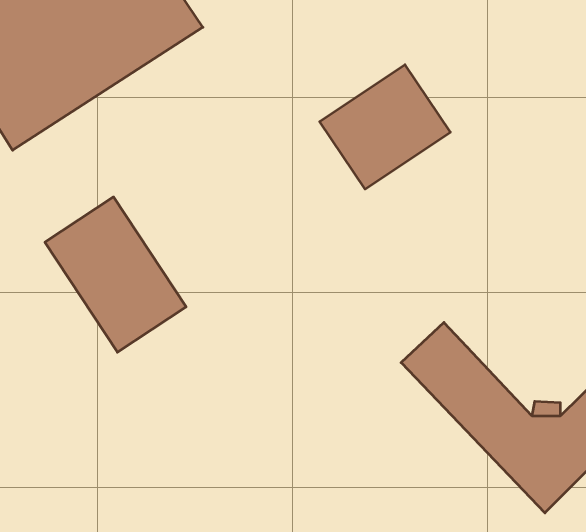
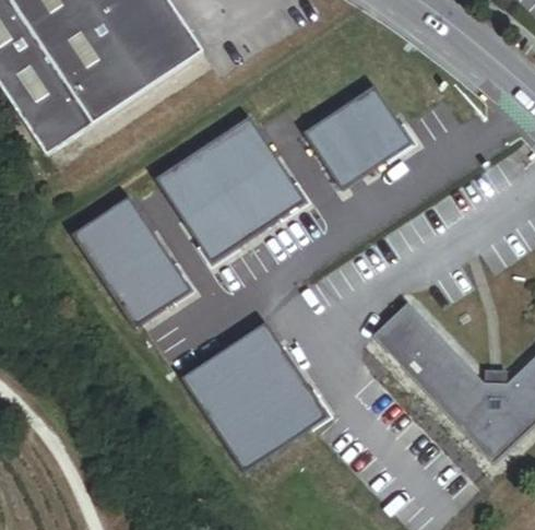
building: none -> [155,116,305,263]
building: none -> [180,320,328,471]

